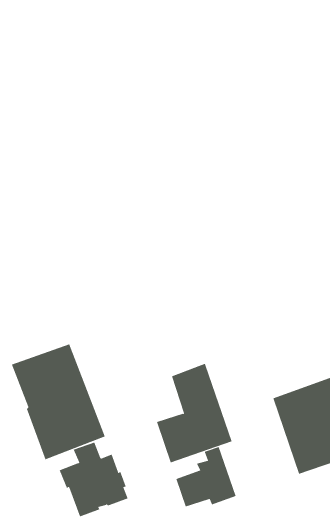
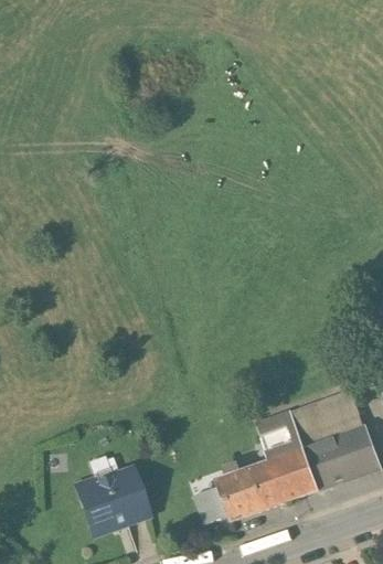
building: [11,343,106,460] -> none
building: [156,363,232,463] -> [241,411,318,512]

